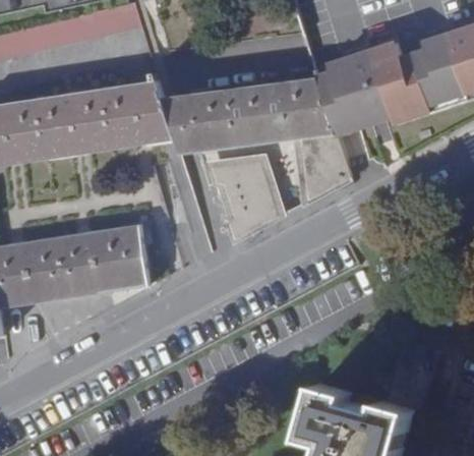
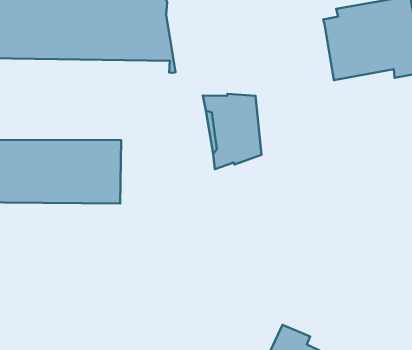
building: [164,82,349,203] -> none

